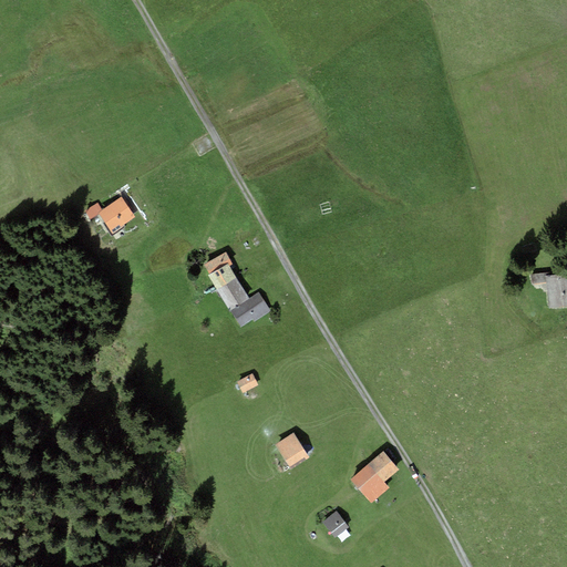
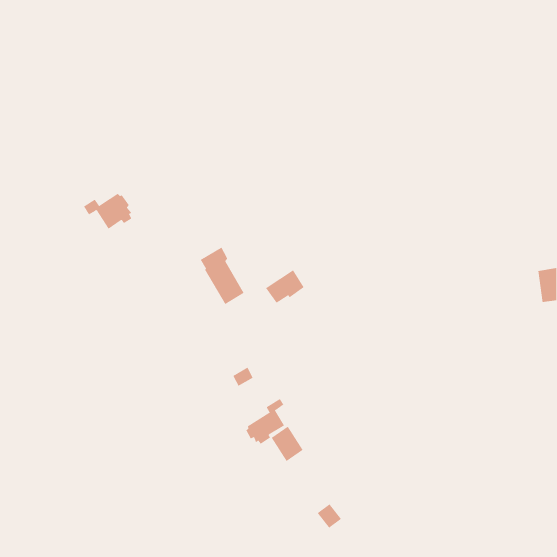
building: [229,291,269,326] -> [265,270,304,303]
building: none -> [246,398,285,444]
building: [350,450,399,502] -> none

